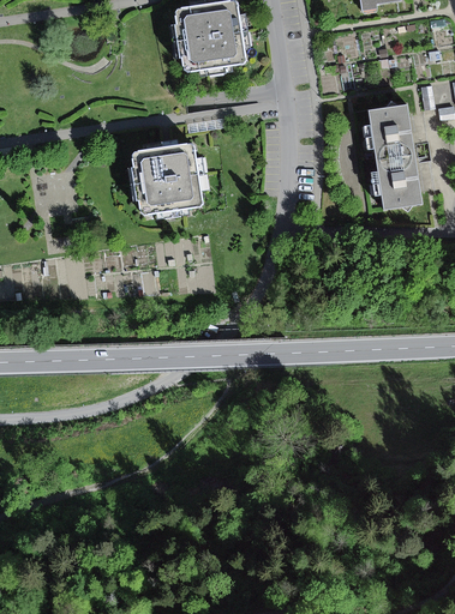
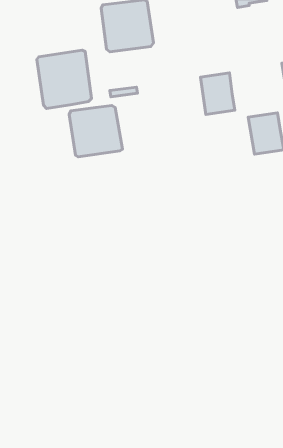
building: none -> [37,50,91,109]
building: [366,103,413,159] -> [200,73,235,114]

